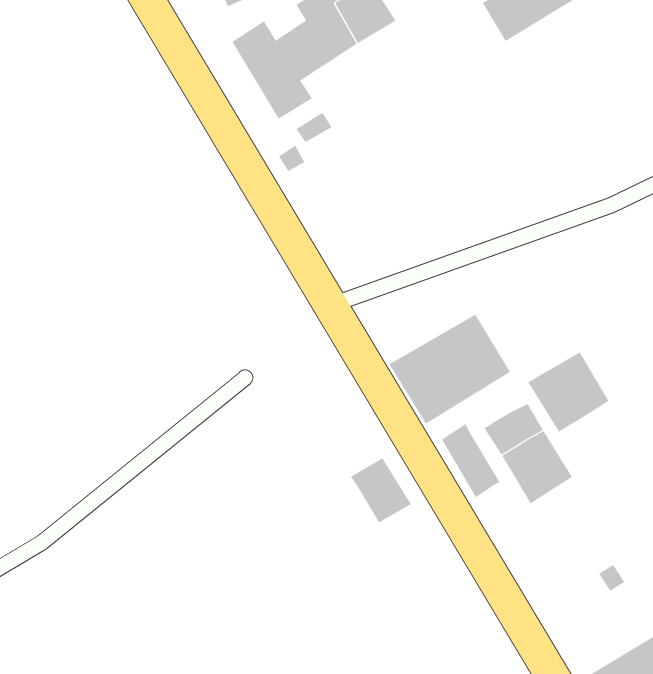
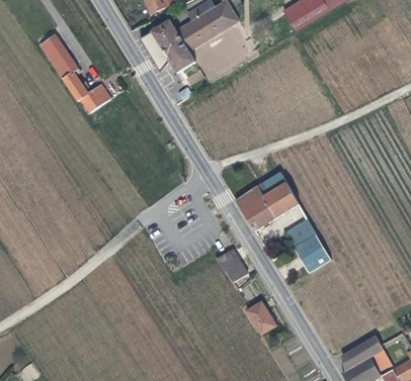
building: none -> [38,33,109,111]
building: [528,352,609,432] -> none
building: [441,423,500,498] -> none
building: none -> [246,298,276,332]

